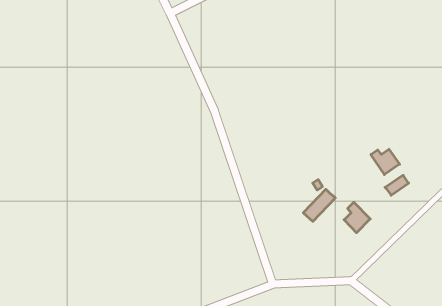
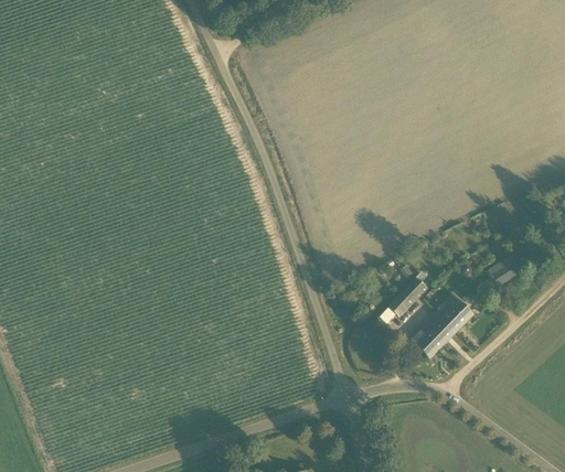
building: [371,149,400,175] -> none
building: none -> [414,312,454,361]

